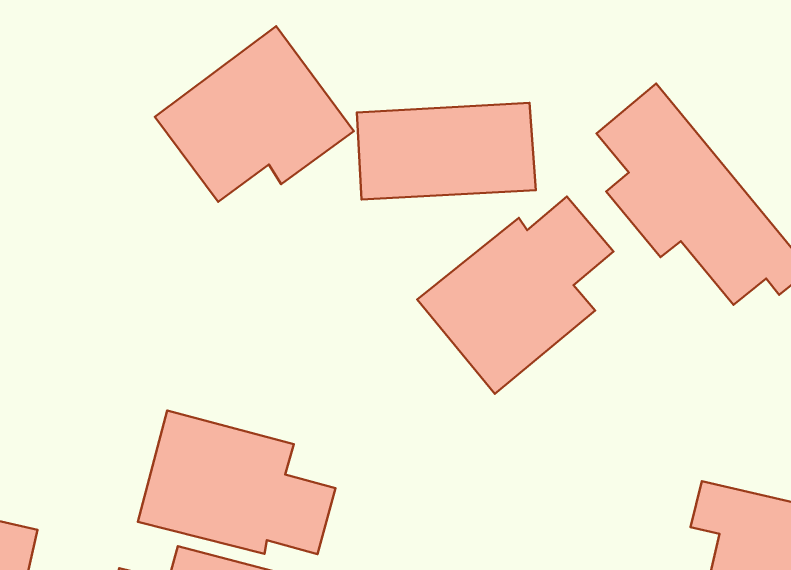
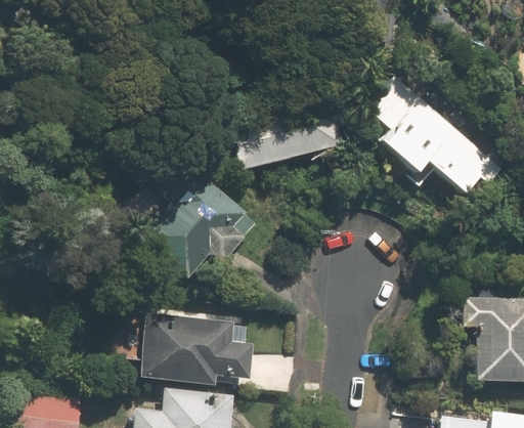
building: [155,26,354,202] -> [141,171,258,279]
building: [417,196,613,394] -> none

